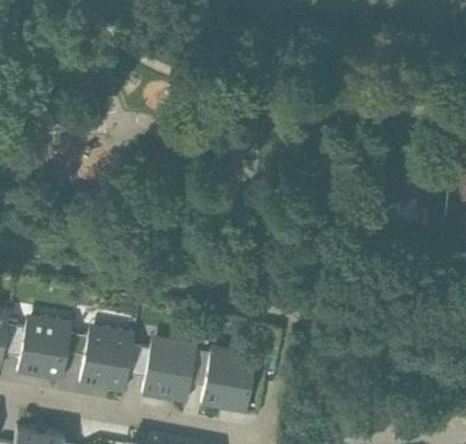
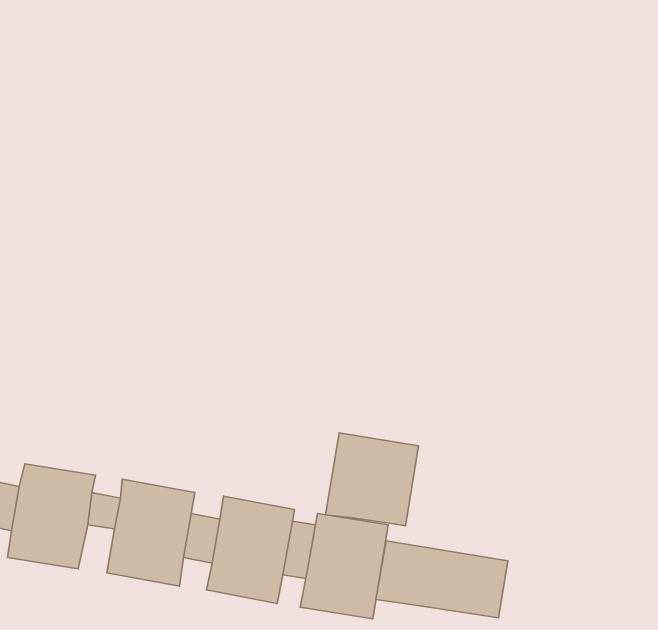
building: none -> [325,433,419,526]
building: none -> [376,541,508,618]

